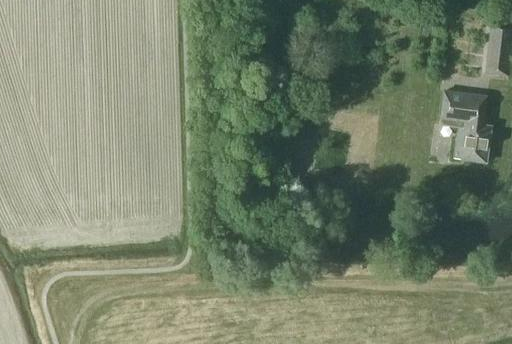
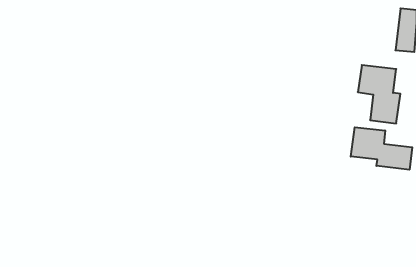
building: none -> [351,127,412,170]

